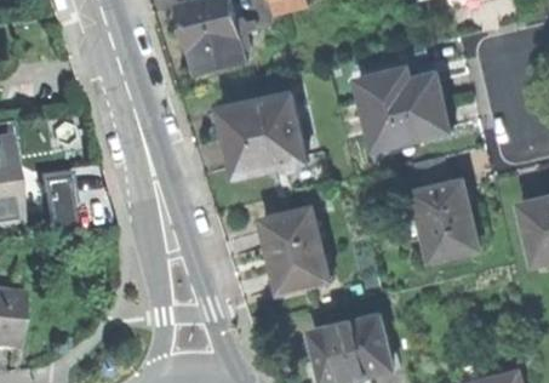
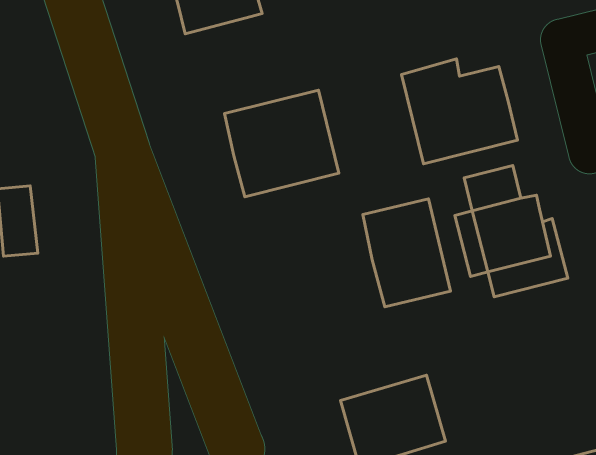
building: [189,38,247,79] -> none
building: [263,211,331,295] -> [363,199,451,307]

